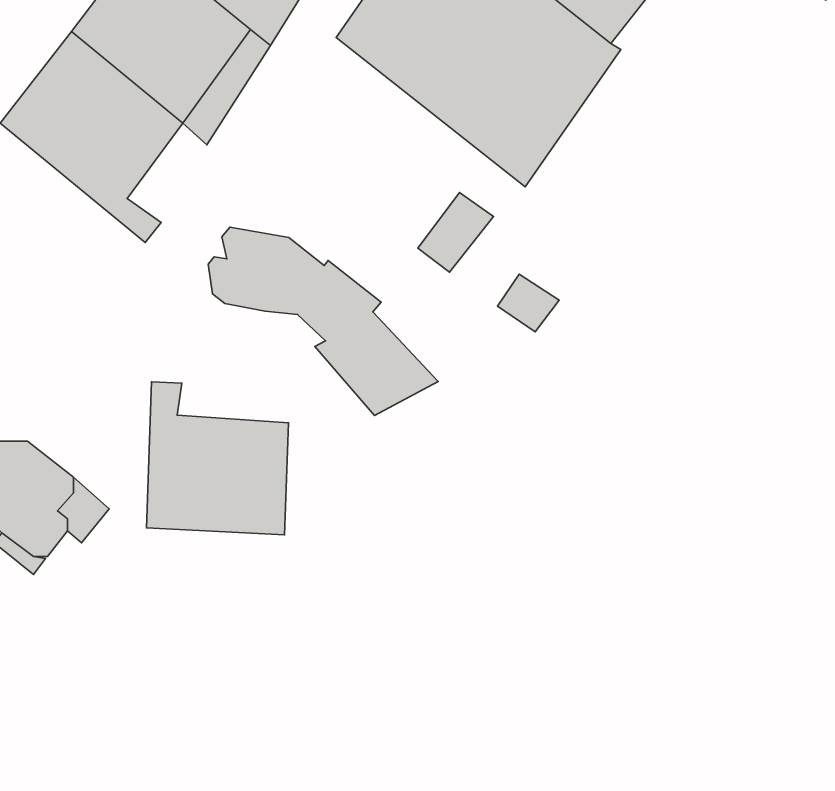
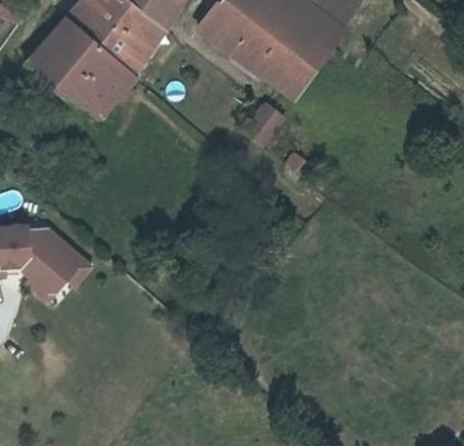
building: none -> [94,68,134,118]
building: [208,227,438,416] -> none
building: [146,382,289,535] -> none

